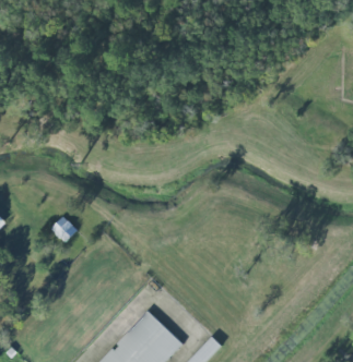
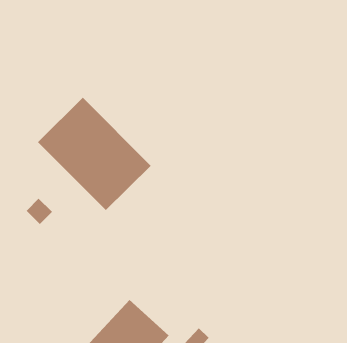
building: none -> [37,97,152,211]

